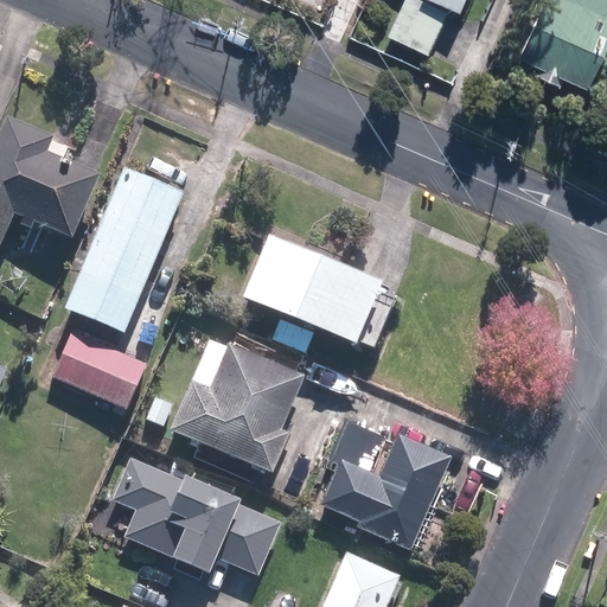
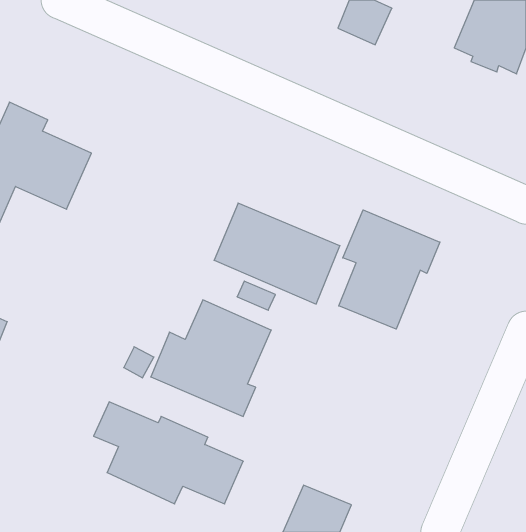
building: [65,165,185,333] -> none
building: none -> [339,210,440,329]
building: [51,333,145,411] -> none
building: [321,434,449,549] -> none

